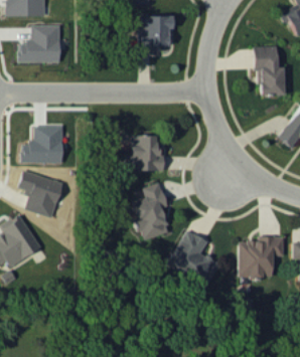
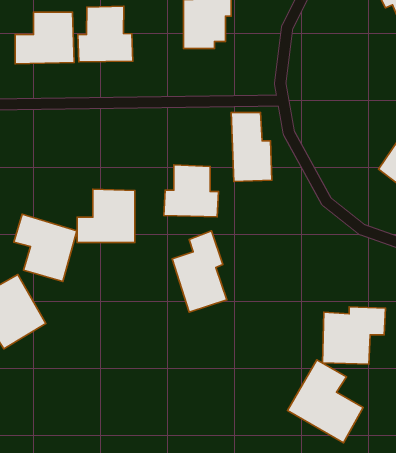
building: none -> [78,6,133,62]
building: [256,46,285,96] -> [231,113,272,181]
building: [21,125,62,163] -> [77,189,135,243]
building: [166,229,220,289] -> [287,360,363,443]

